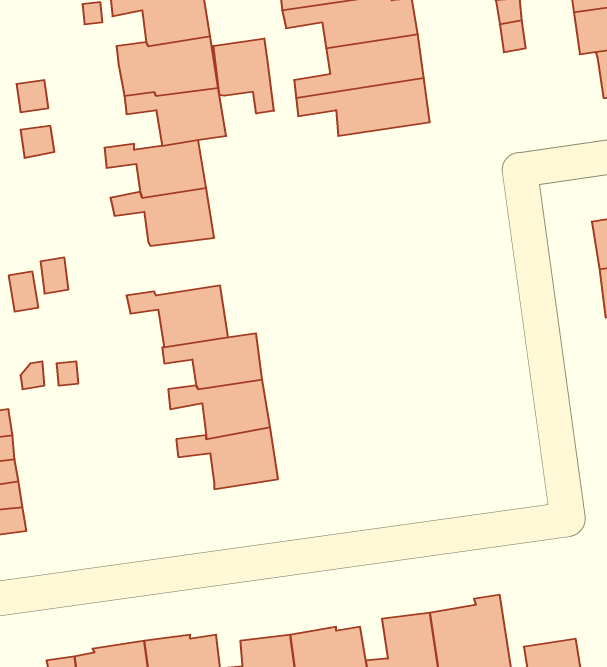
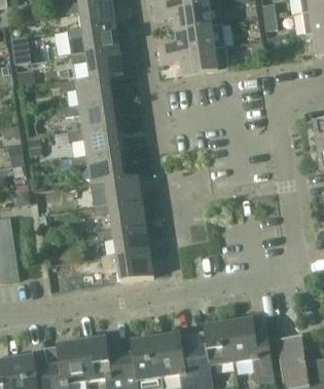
building: [213,38,274,114] -> none
building: none -> [68,127,120,157]
building: none -> [101,251,154,282]

